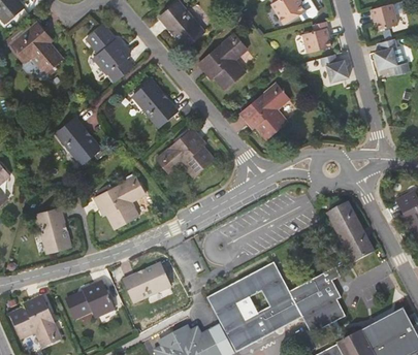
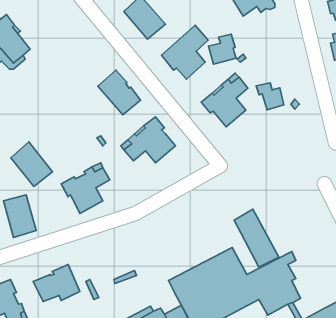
building: [302,21,331,52] -> [208,34,236,64]
building: [86,25,134,84] -> none
building: [320,54,349,82] -> [256,83,284,110]
building: [56,118,99,164] -> [11,142,53,187]
building: [326,201,373,261] -> [234,209,279,267]
building: [124,263,169,301] -> none

